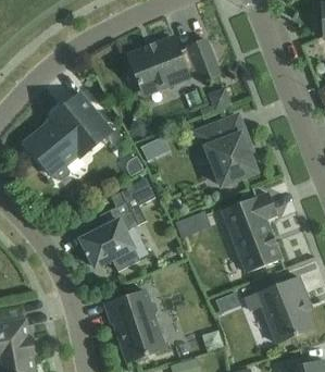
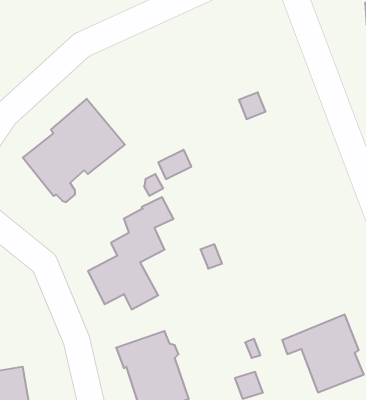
building: [127,37,220,91] -> none
building: [195,115,255,185] -> none
building: [223,193,282,273] -> none

